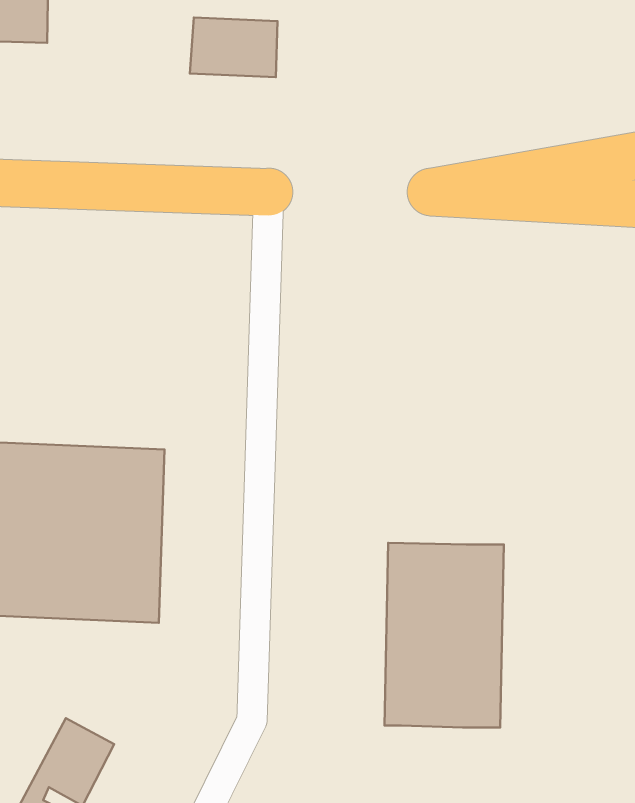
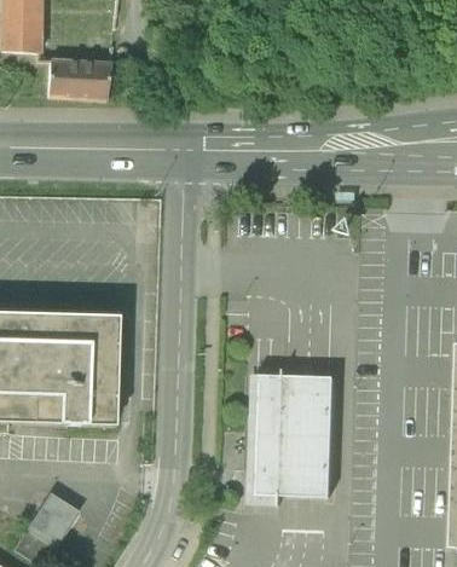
building: [190,18,278,77] -> [48,59,105,98]

